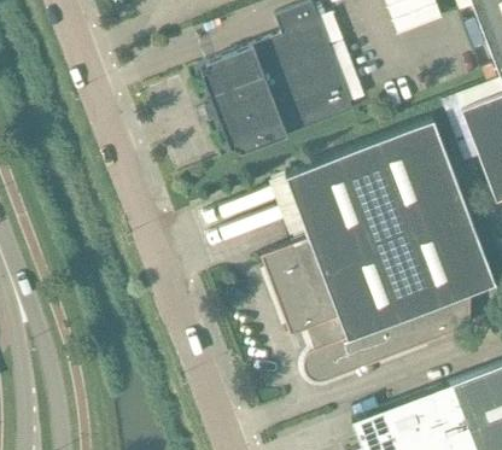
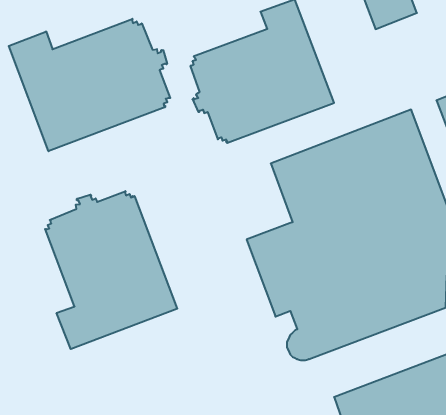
building: none -> [9,19,170,151]
building: none -> [45,191,177,349]

